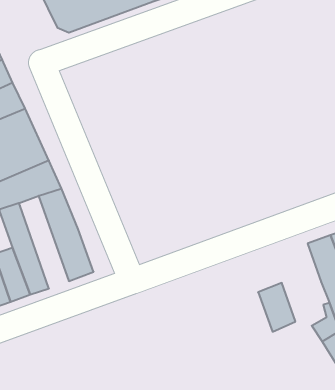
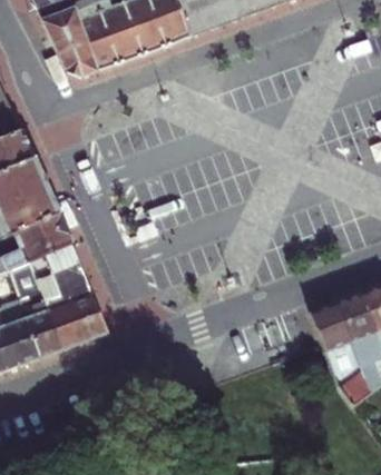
building: none -> [27,249,80,348]
building: [258,283,295,332] -> [311,300,351,353]

